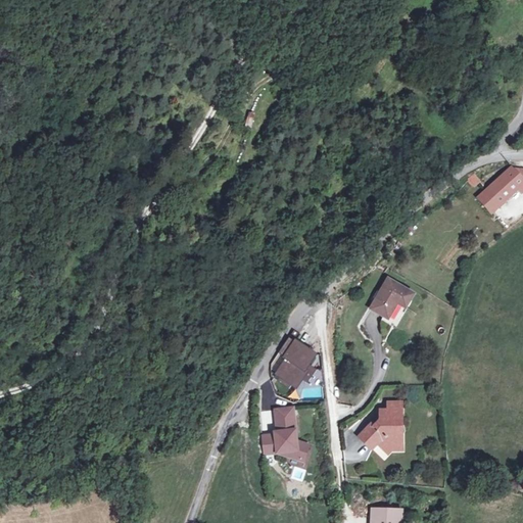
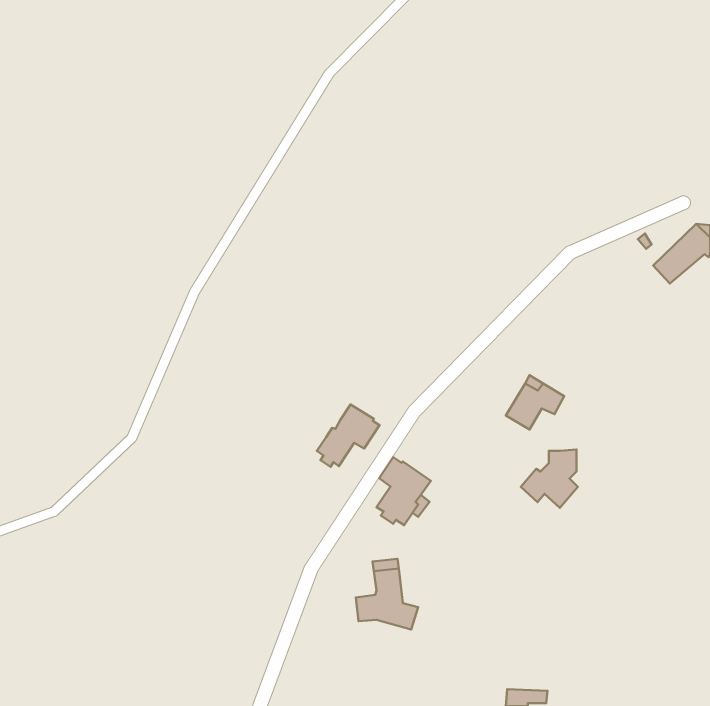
building: none -> [317,404,380,467]
building: [360,410,401,453] -> [521,449,578,508]

